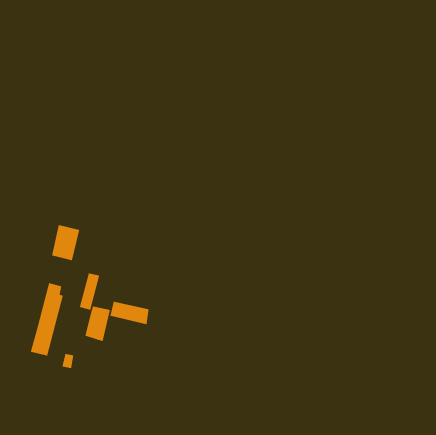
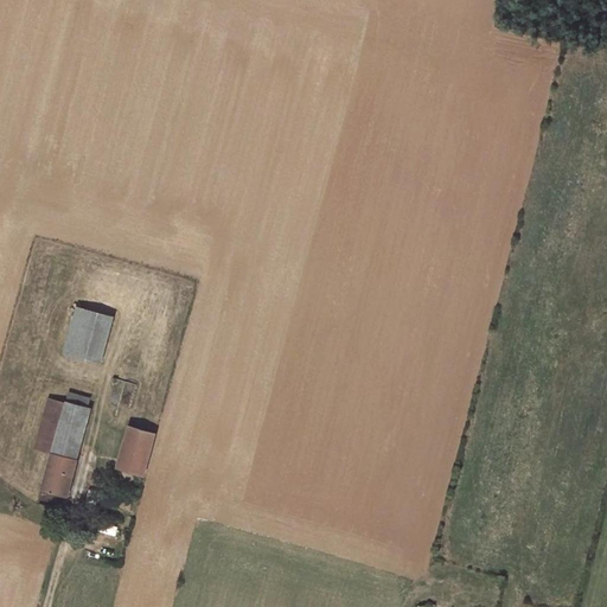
building: [79,272,100,311] -> [34,401,64,454]
building: [109,301,149,325] -> none

